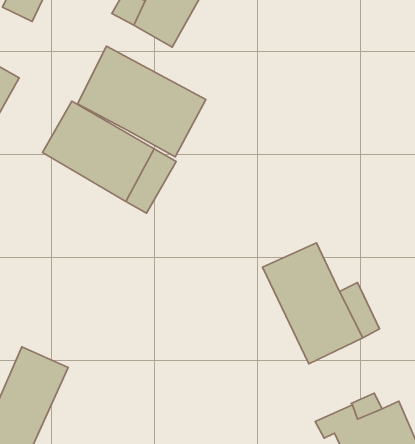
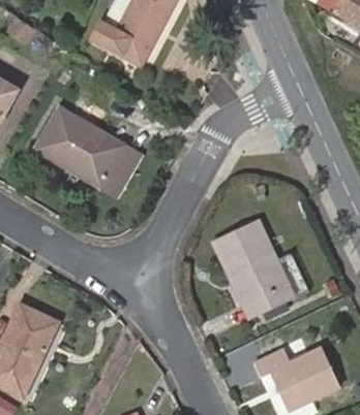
building: [77,46,206,157] -> none

